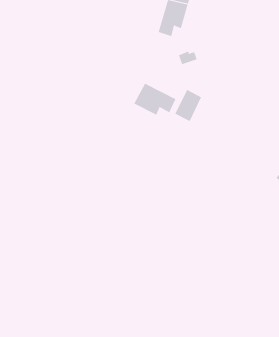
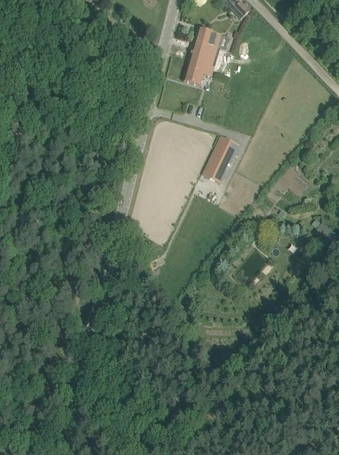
building: [134,83,176,115] -> none

